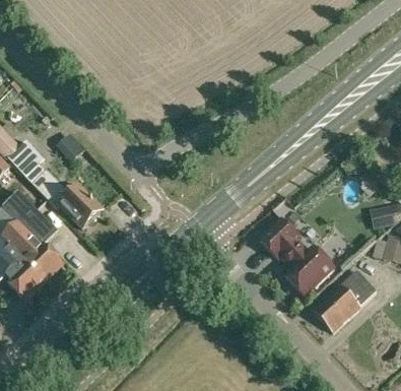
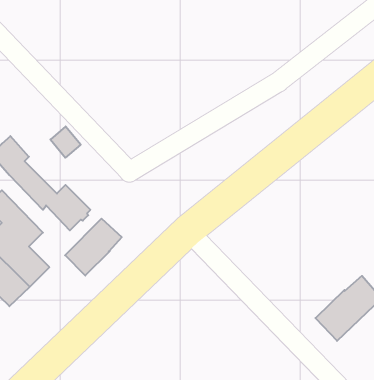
building: none -> [65,219,122,276]
building: [258,217,332,295] -> none

